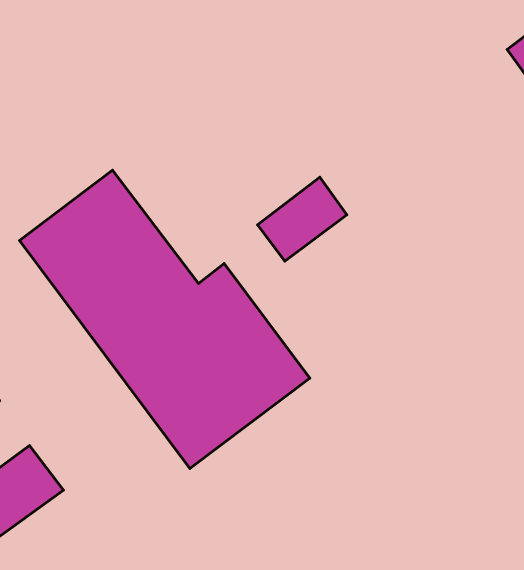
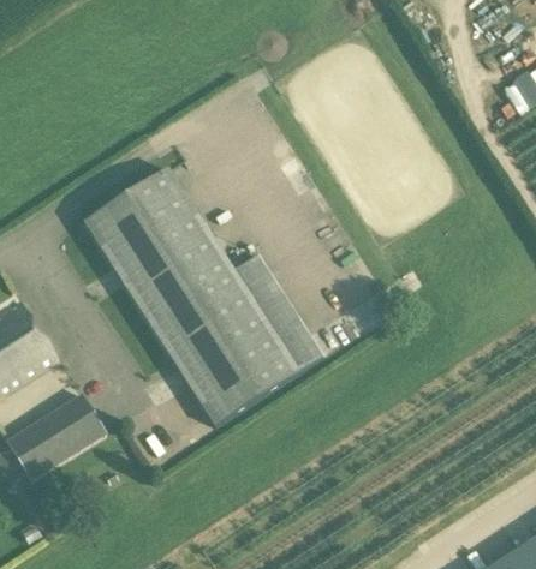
building: [258,177,347,261] -> none

